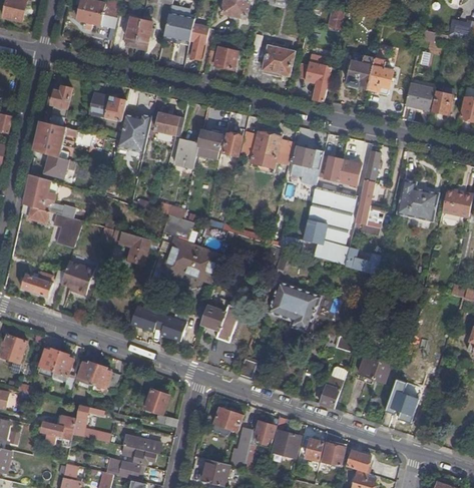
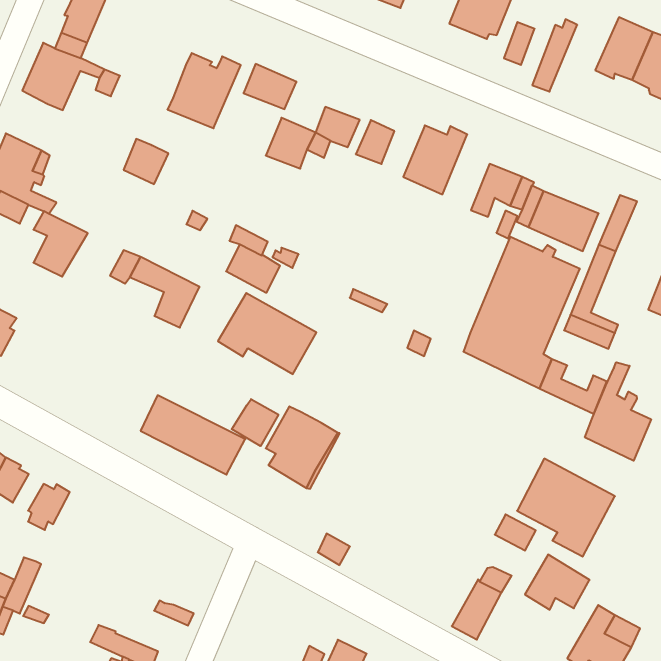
building: [89,93,126,120] -> none
building: [45,154,68,177] -> [124,139,168,184]
building: none -> [585,362,651,461]
building: [61,263,93,295] -> none
building: [267,282,319,332] -> [517,459,615,557]
building: none -> [232,399,278,446]
building: [90,365,118,393] -> none
building: [144,389,169,415] -> none
building: [213,407,243,432] -> none

